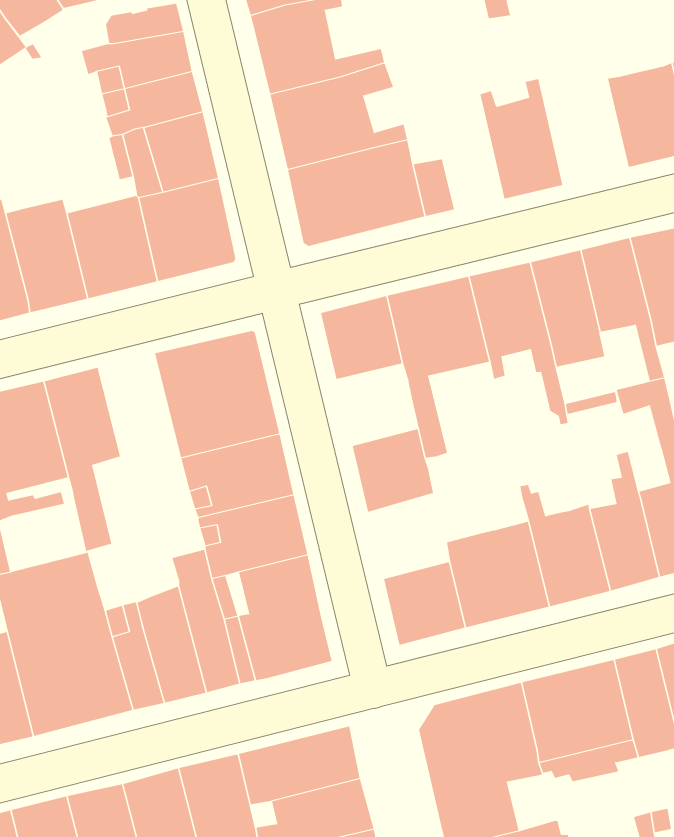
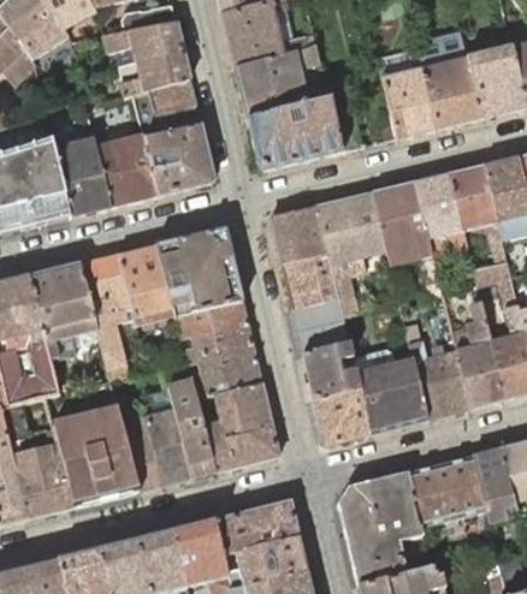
building: none -> [418,30,482,129]
building: none -> [118,244,174,325]
building: none -> [282,251,338,308]
building: none -> [303,340,360,399]

